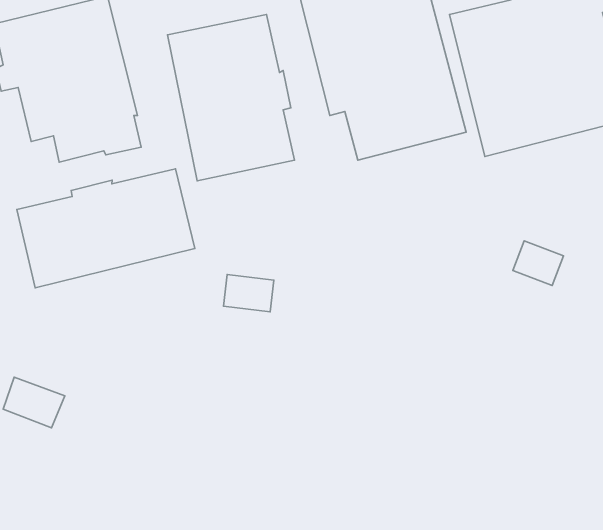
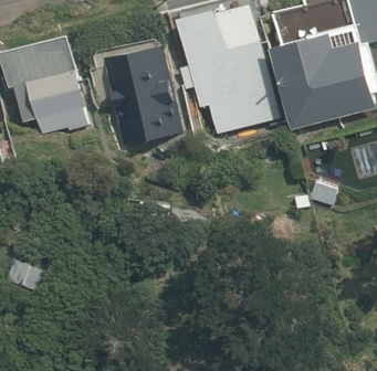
building: [17,169,195,288] -> none

